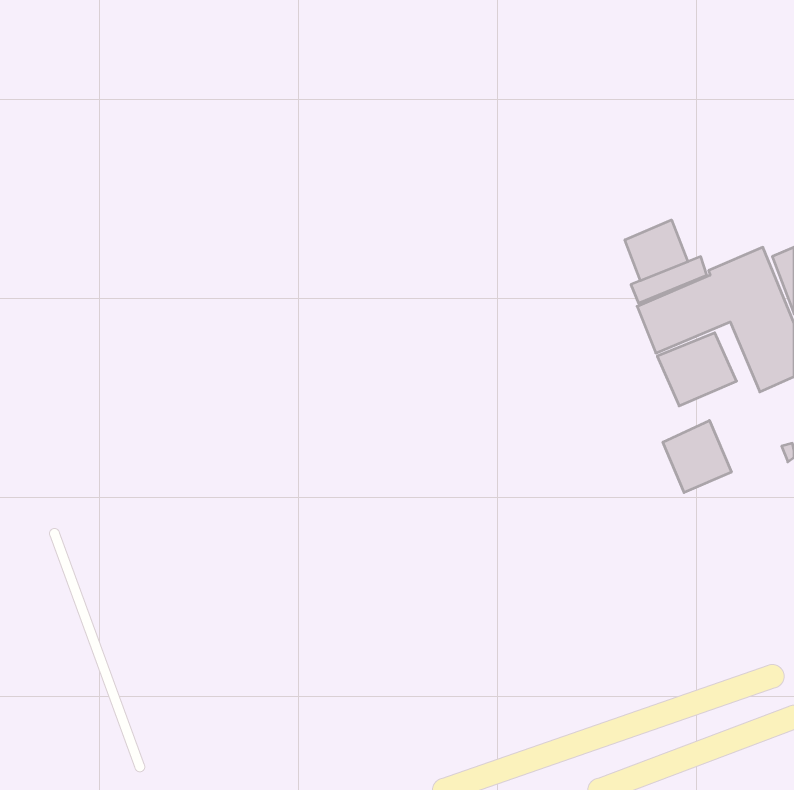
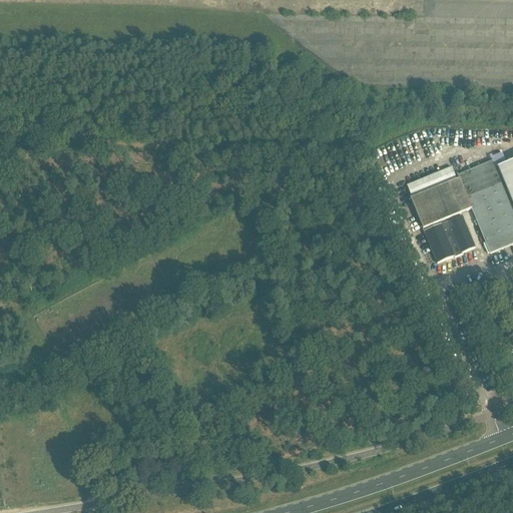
building: [625,220,688,281] -> none
building: [663,420,731,493] -> none

